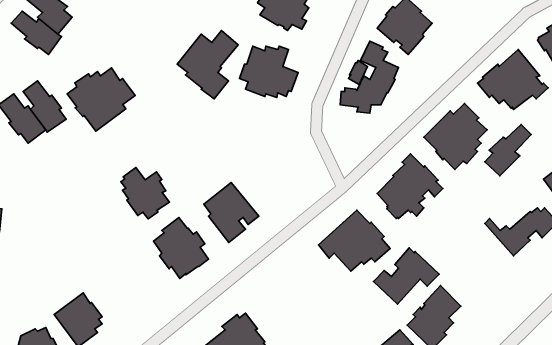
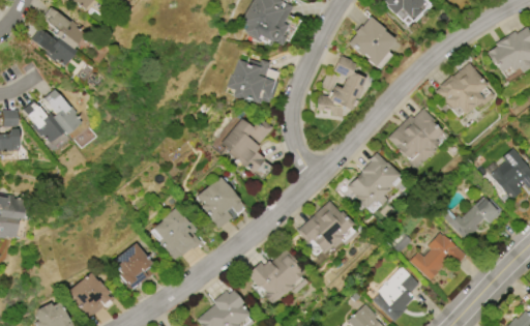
building: [177,31,238,99] -> [222,115,274,174]
building: [67,68,135,131] -> none
building: [485,124,531,176] -> none
building: [121,167,169,219] -> none
building: [373,248,439,304] -> [410,232,467,280]
building: none -> [113,243,157,290]
building: none -> [247,249,310,304]

